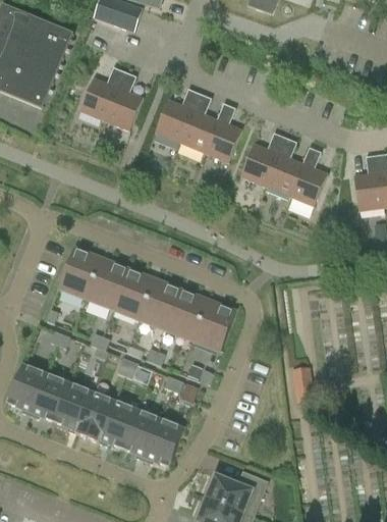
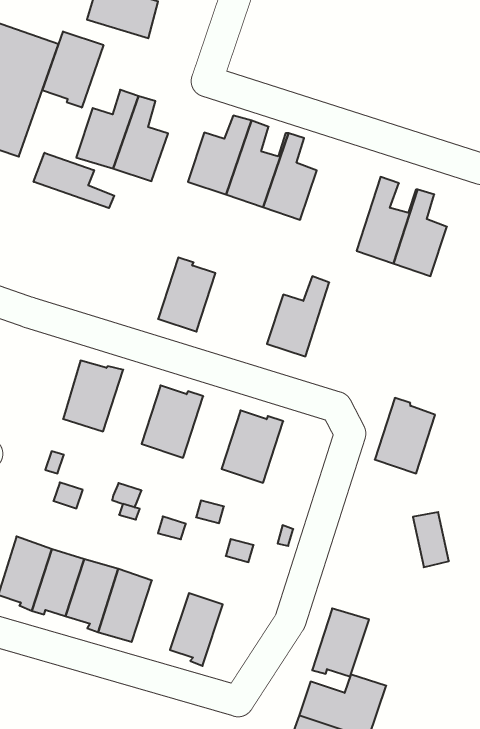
building: none -> [42,31,103,108]
building: none -> [34,153,114,208]
building: [239,132,284,186] -> [267,276,329,356]
building: [86,256,126,307] -> [158,257,215,332]
building: [139,277,179,327] -> none
building: [191,298,234,350] -> [375,398,435,473]
building: [96,400,136,448] -> none
building: [143,419,183,466] -> [312,608,369,677]

